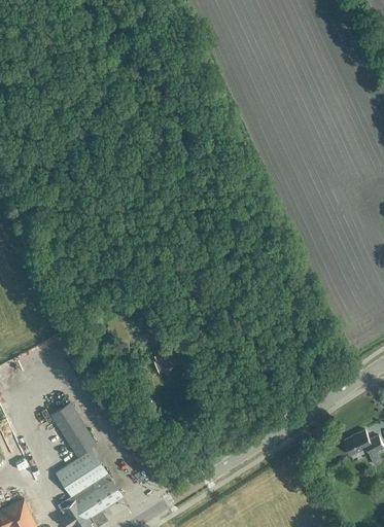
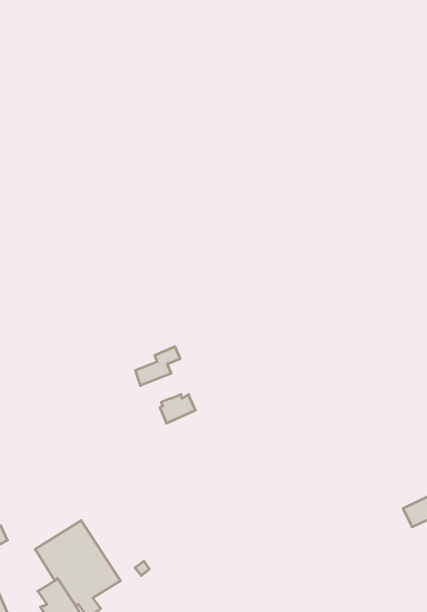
building: none -> [135,347,180,386]
building: [51,405,97,458] -> none

